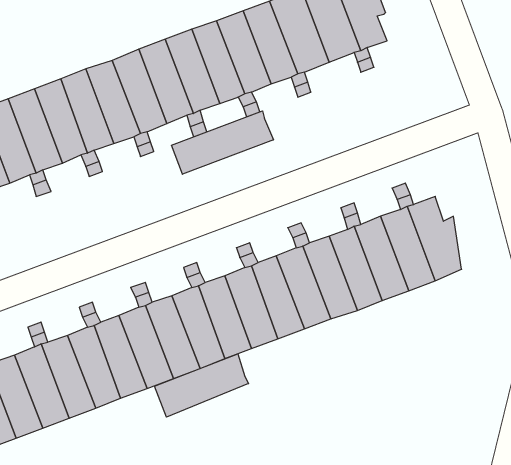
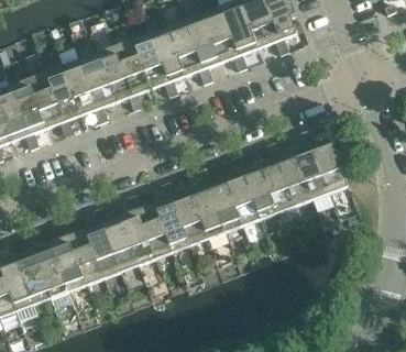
building: [171,111,273,174] -> none
building: [155,354,249,417] -> none

